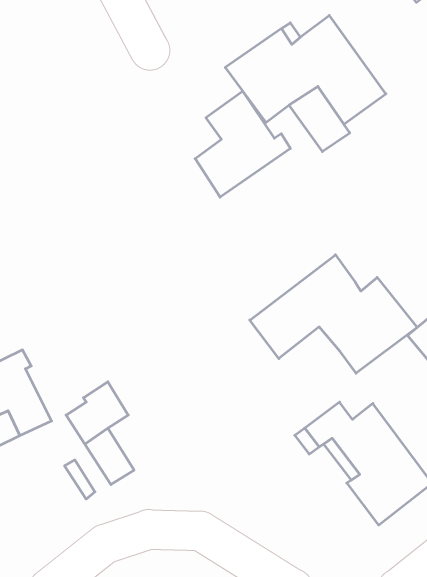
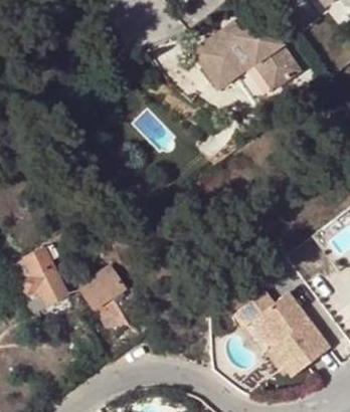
building: [195,91,290,197] -> none
building: [250,255,417,373] -> none

